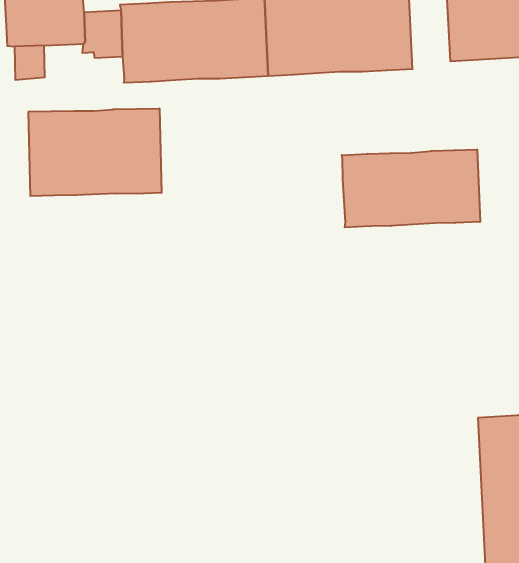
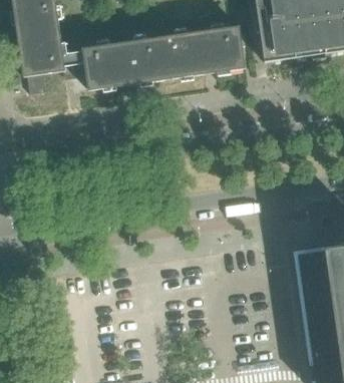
building: [29,108,161,196] -> none
building: [342,149,480,227] -> none

